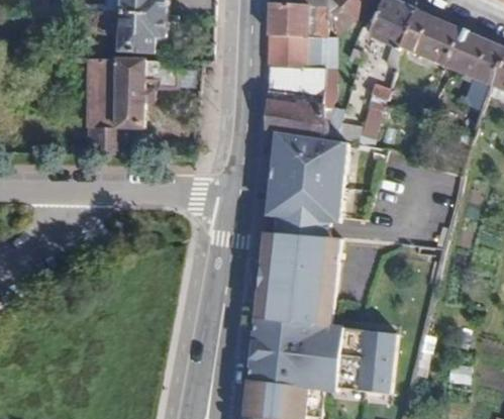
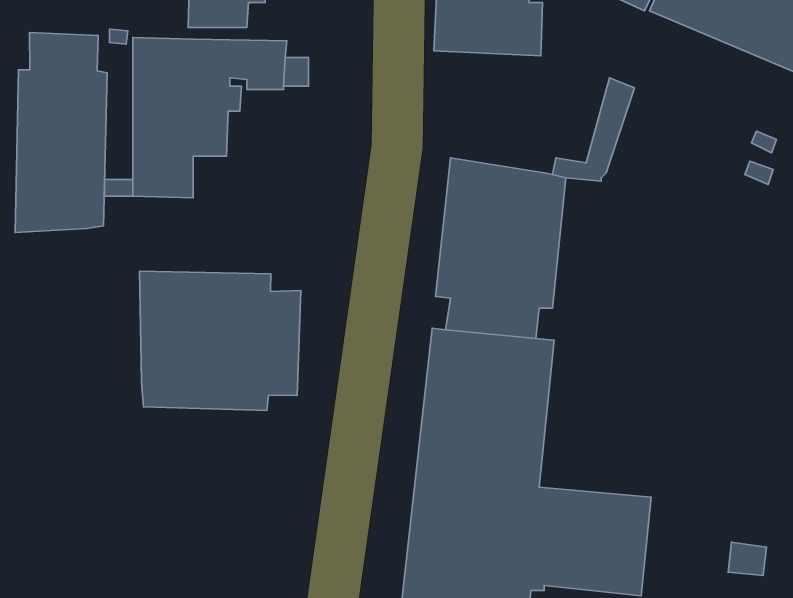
building: none -> [15,32,107,233]
building: [265,68,340,141] -> none
building: none -> [139,271,301,410]

